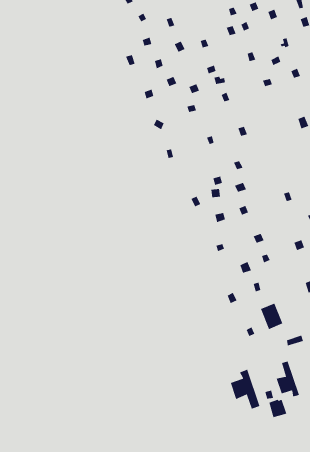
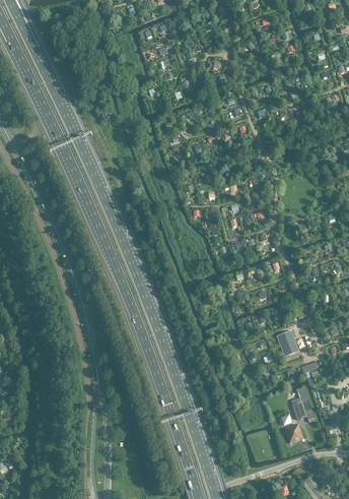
building: [230,369,260,410] -> none

